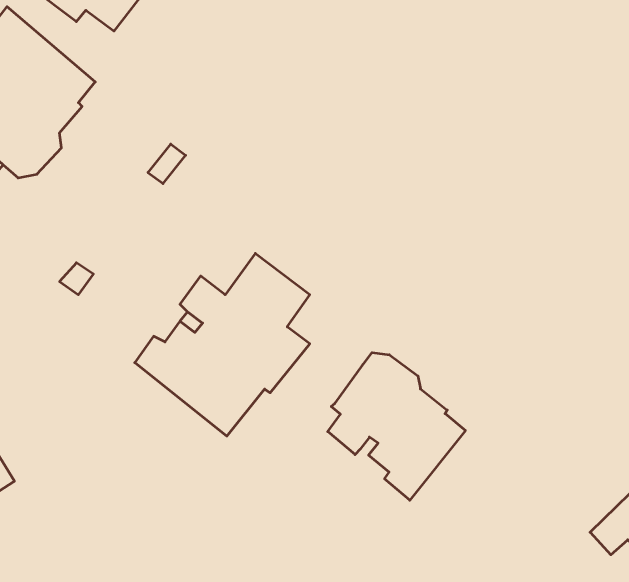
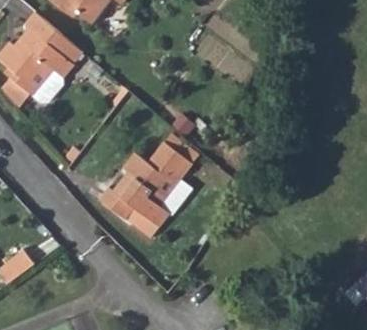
building: [328,353,465,500] -> none

